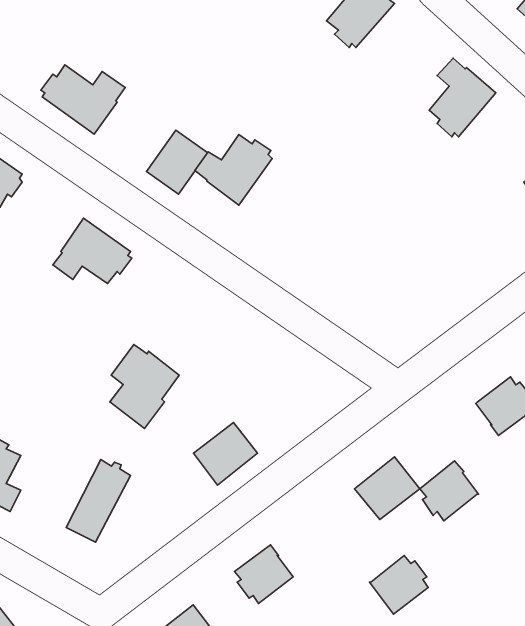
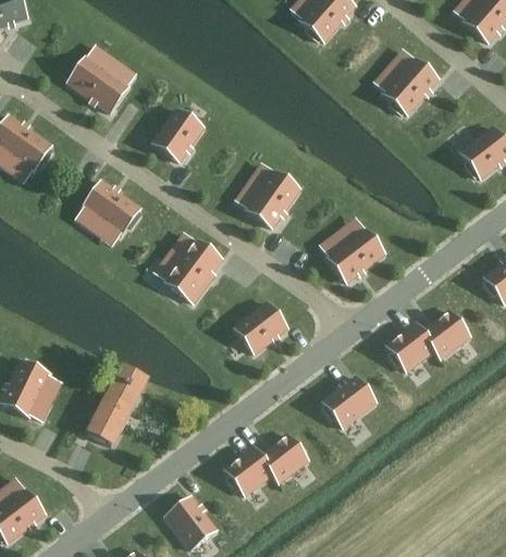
building: [195,135,272,205] -> [236,170,299,227]
building: none -> [320,227,384,282]
building: [110,345,179,429] -> [164,234,221,302]
building: [193,423,257,485] -> [234,302,286,354]
building: [420,461,478,521] -> [386,322,434,371]
building: [369,555,428,614] -> [259,434,307,482]

